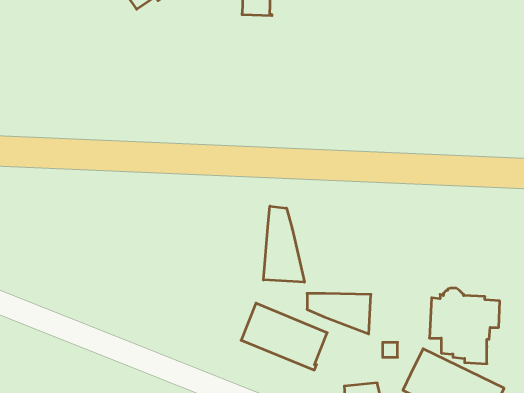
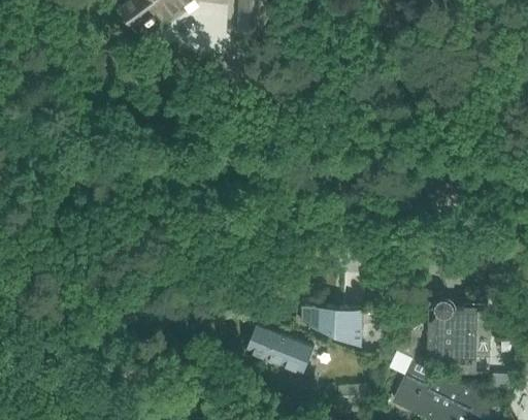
building: [263,206,304,282] -> none

